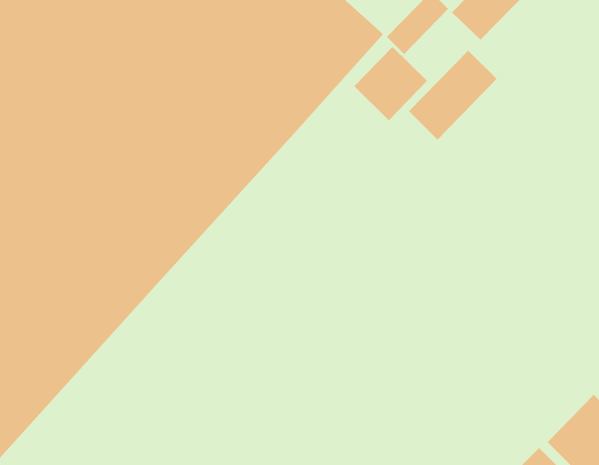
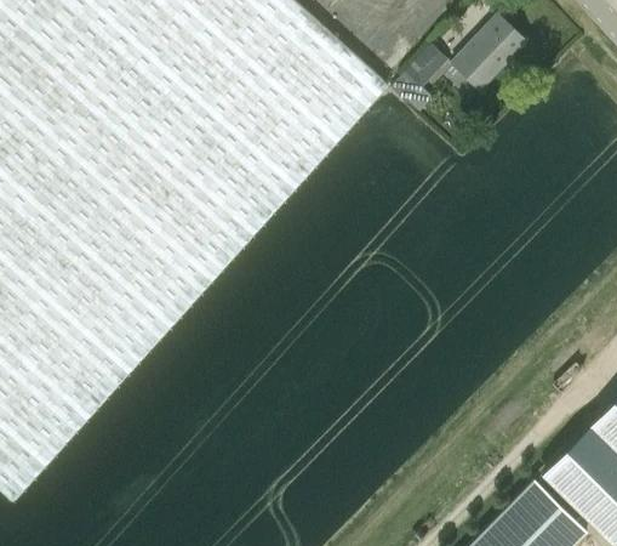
building: [353,46,428,121] -> none
building: [408,50,497,140] -> none

